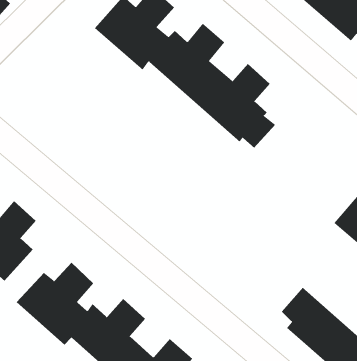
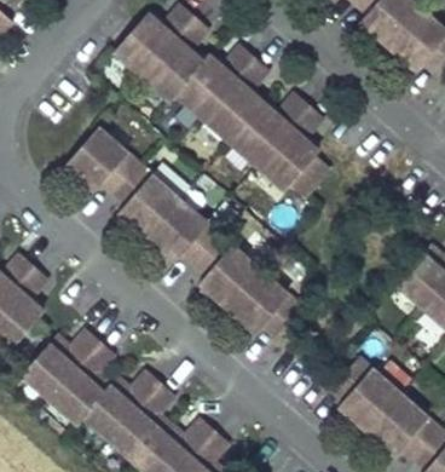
building: none -> [65,128,300,335]

